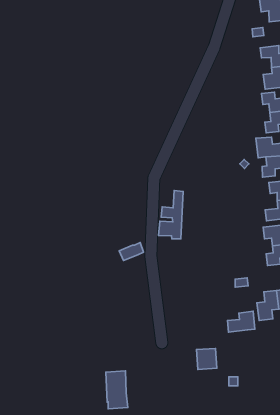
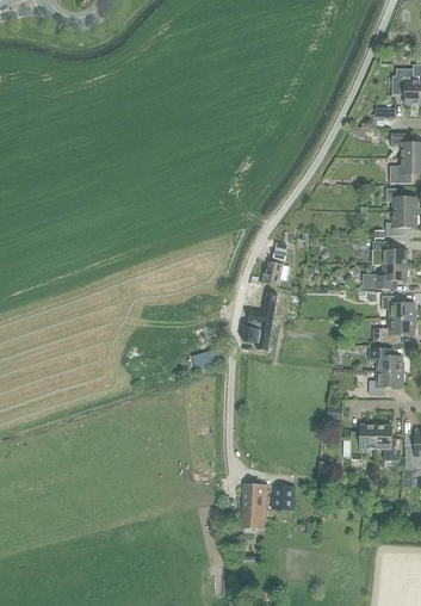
building: none -> [261,248,289,284]
building: [228,311,255,332] -> none
building: [106,371,128,409] -> [241,483,267,528]

